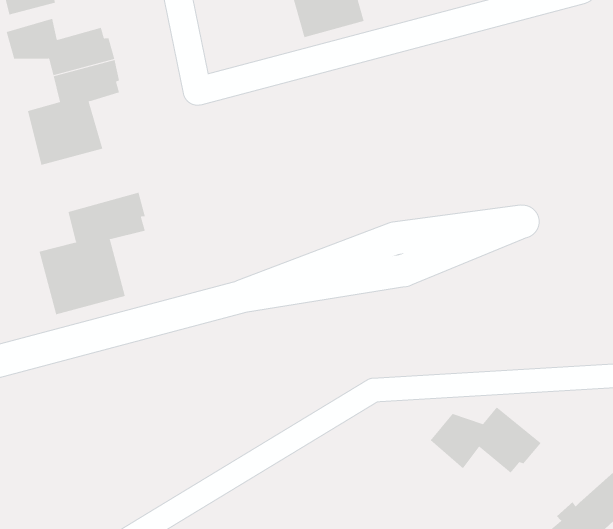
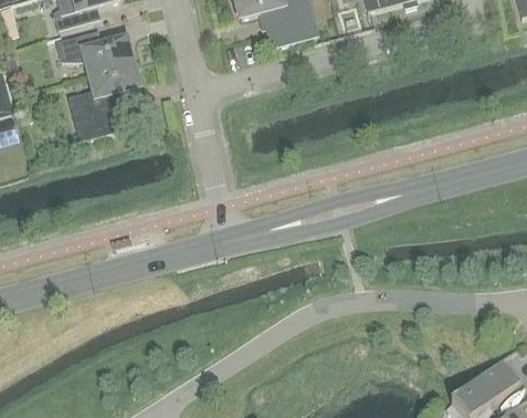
building: [39,192,146,315] -> none
building: [430,407,541,474] -> none

